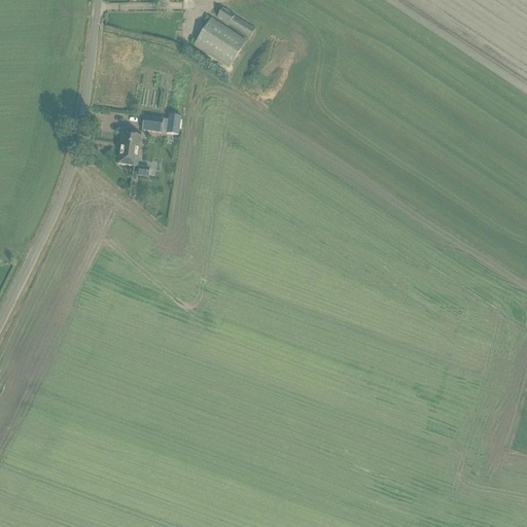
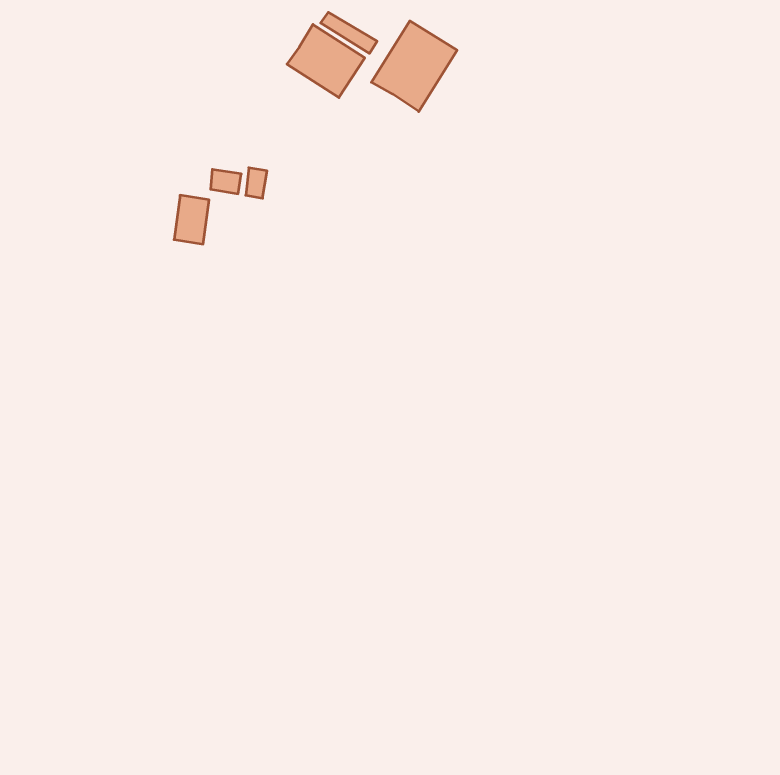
building: none -> [371,21,457,112]

